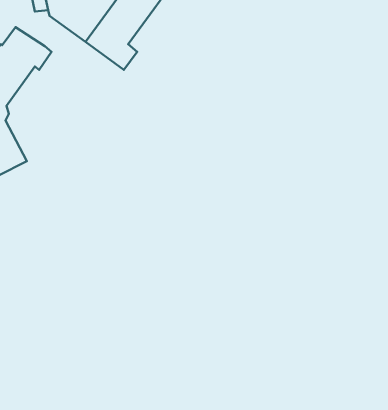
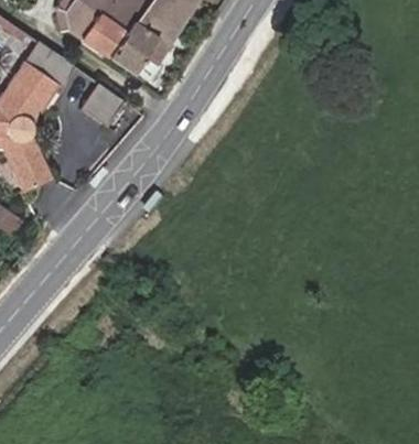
building: none -> [77,79,121,123]

